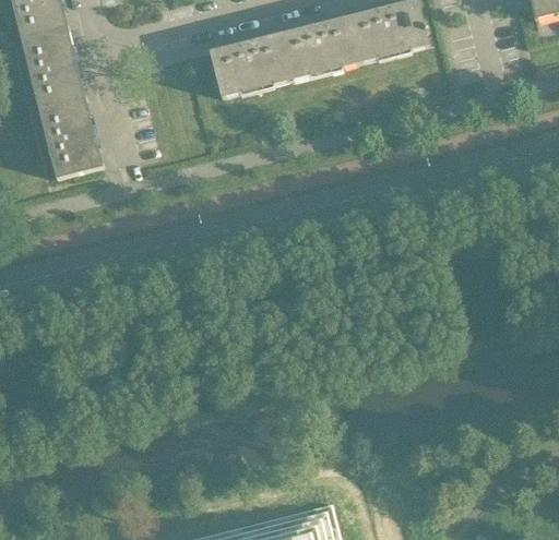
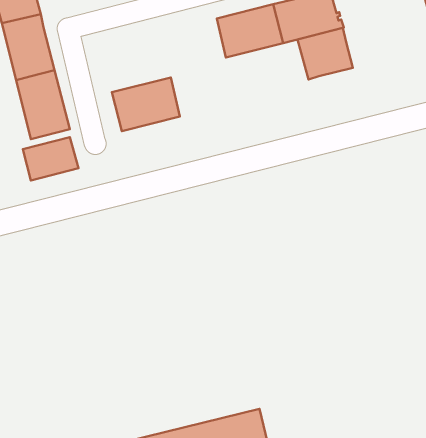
building: [209,35,290,99] -> [112,78,180,131]
building: none -> [298,28,353,80]
building: none -> [23,137,79,180]

